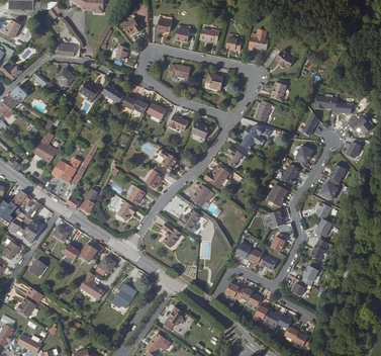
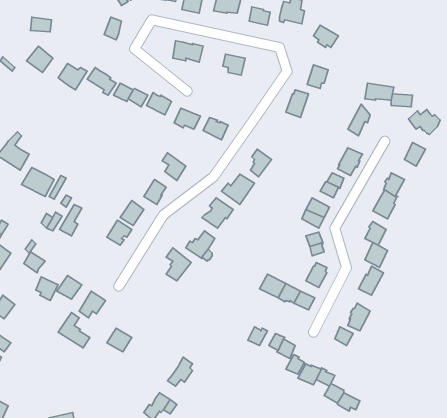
building: [241,124,267,150] -> none

